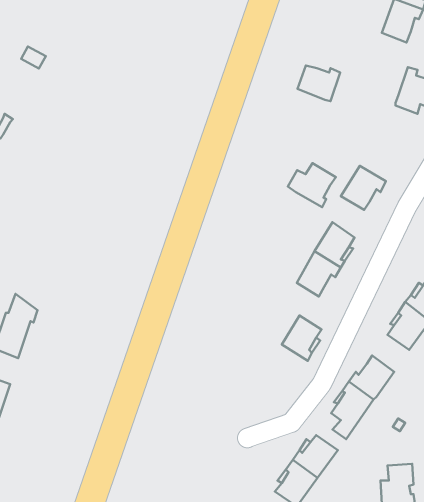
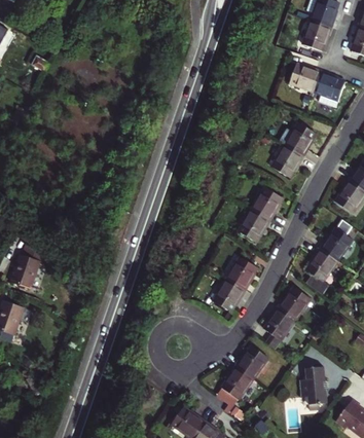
building: [298,66,340,101] -> [289,65,321,92]
building: [288,163,336,207] -> [279,122,315,155]
building: none -> [213,278,246,311]

